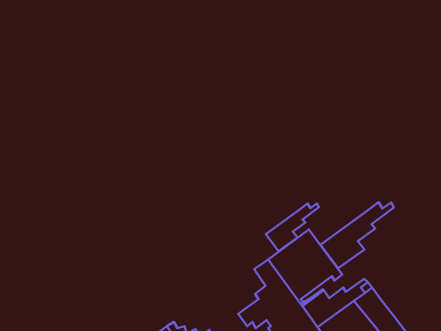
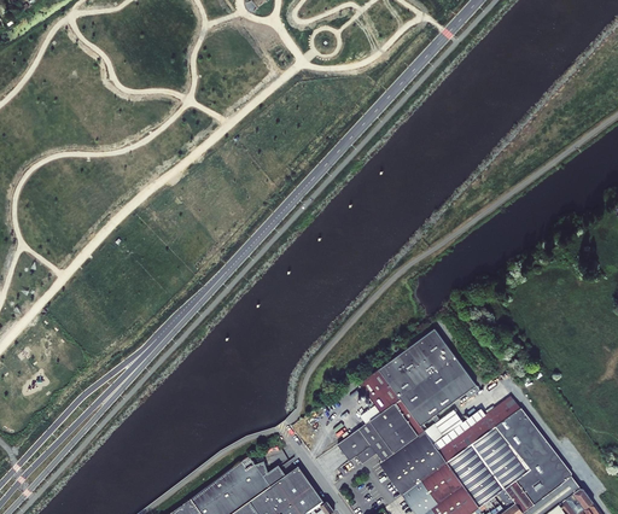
building: [320,202,394,268] -> none
building: [266,203,319,251] -> none

